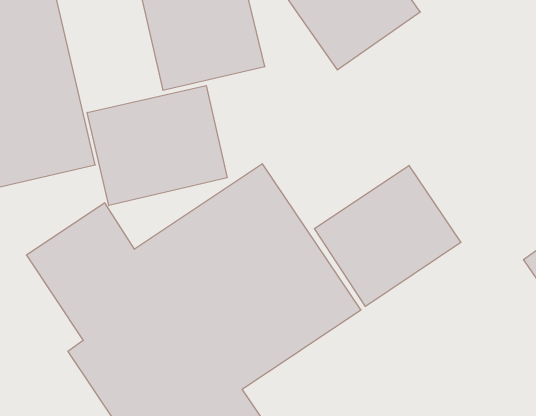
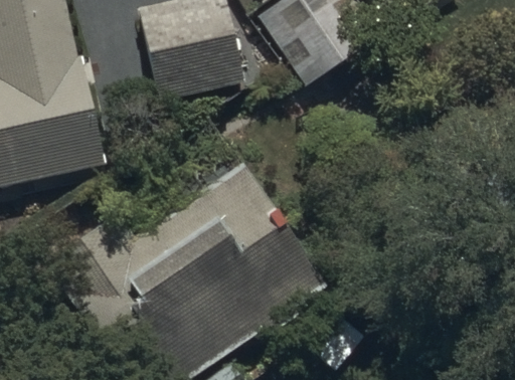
building: [87,86,227,206] -> none
building: [314,165,461,306] -> none

